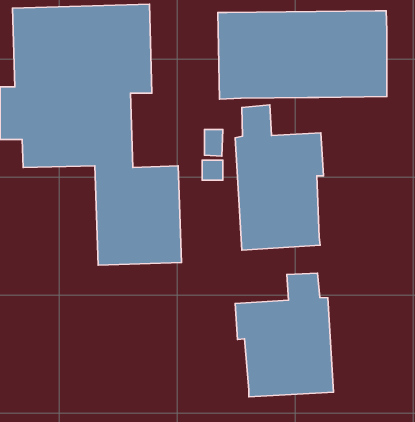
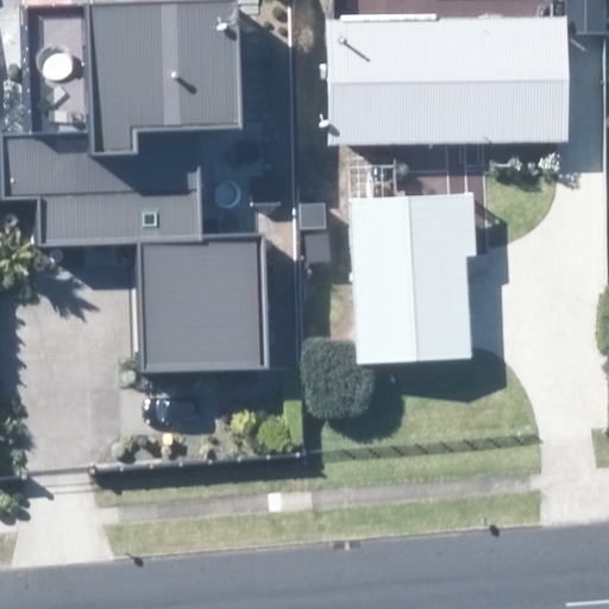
building: [235,273,333,397] -> none

